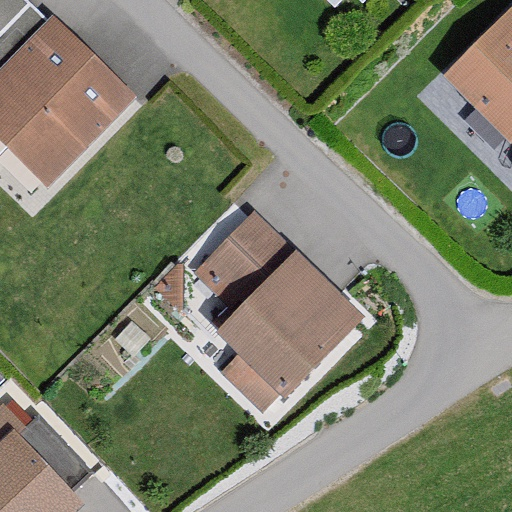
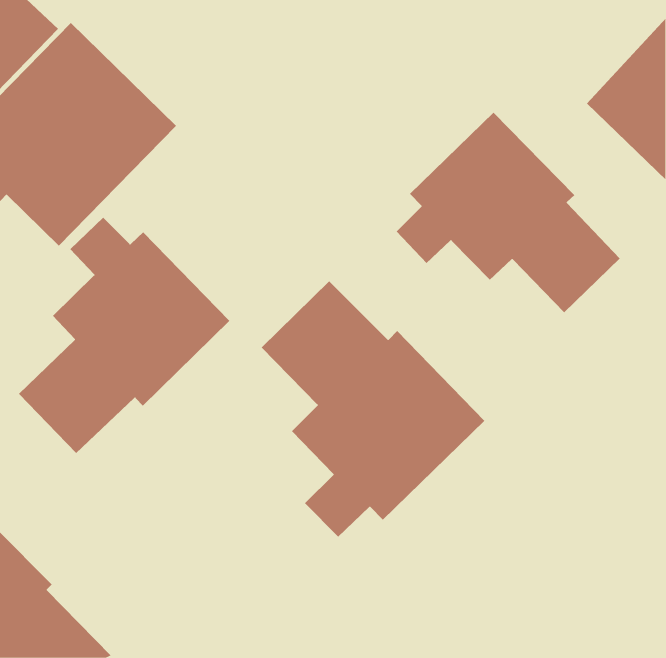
building: none -> [396,112,621,313]
building: none -> [18,217,230,454]

